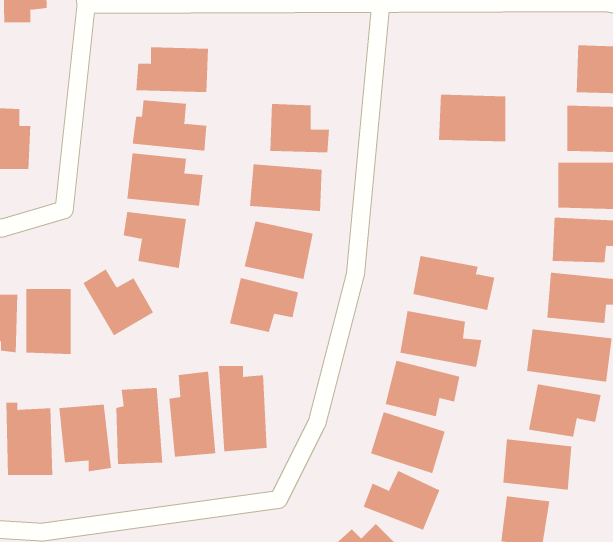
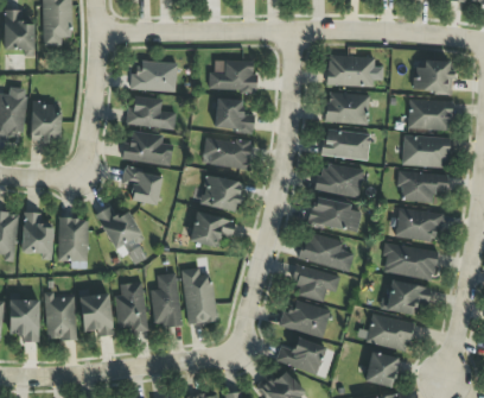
building: none -> [326,56,382,87]
building: none -> [209,61,257,91]
building: none -> [321,128,371,160]
building: none -> [314,163,363,197]

